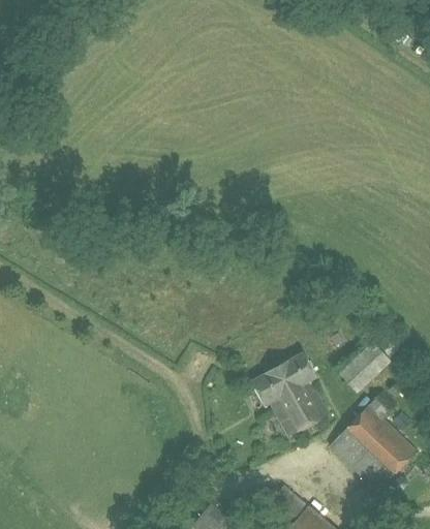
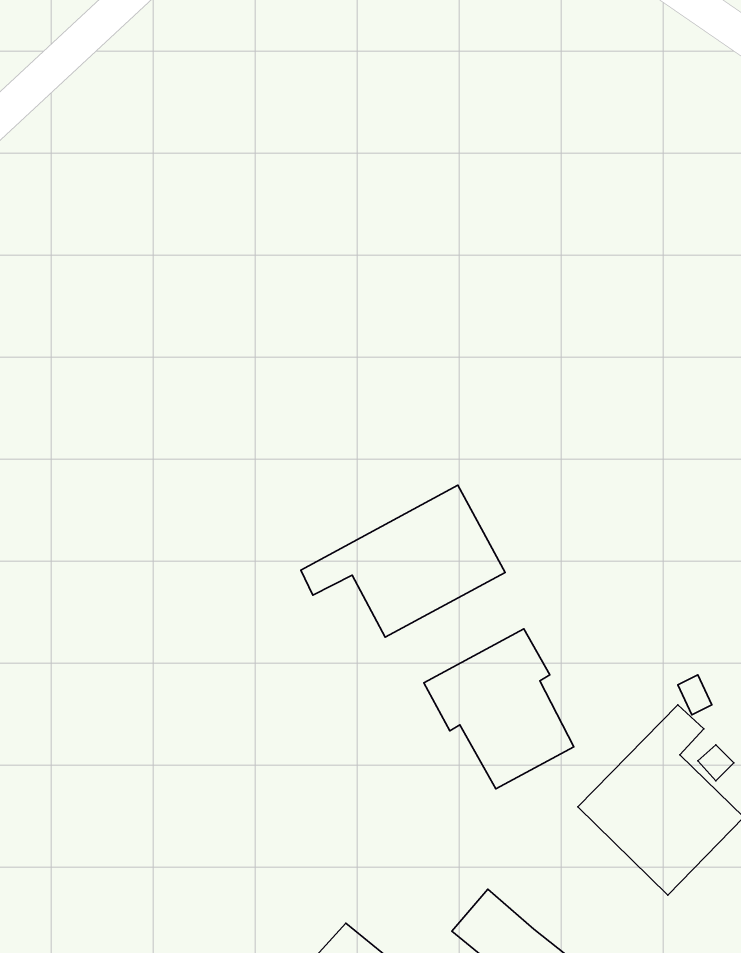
building: none -> [301,485,505,637]
building: [339,341,391,393] -> none

